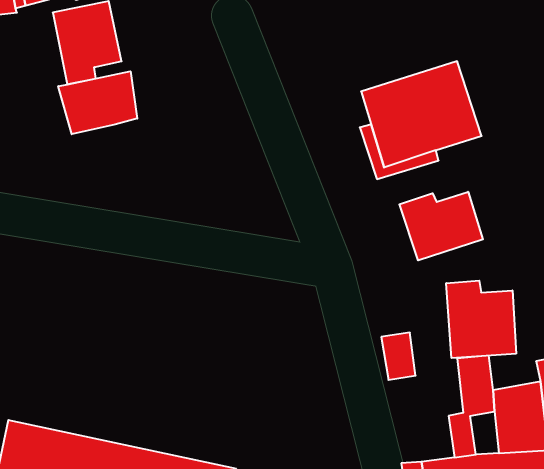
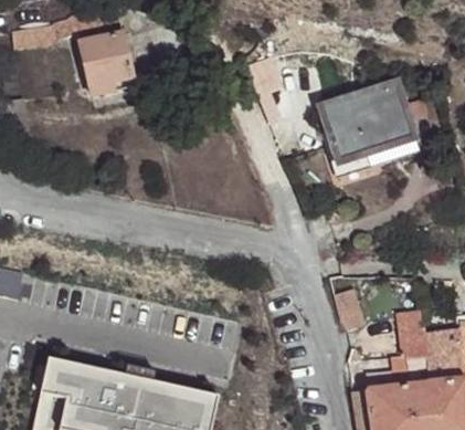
building: [58,71,137,134] -> none
building: [399,192,483,260] -> none
building: [446,281,516,358] -> none

